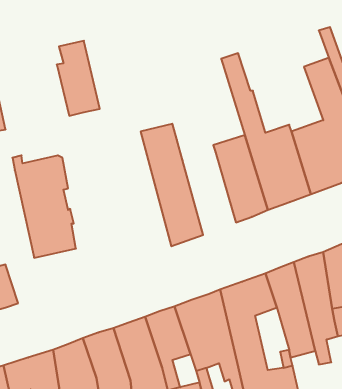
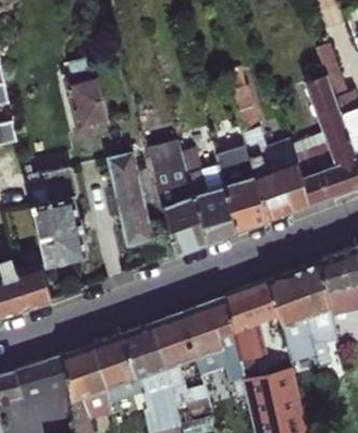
building: none -> [183,148,239,244]
building: none -> [109,153,153,247]
building: none -> [18,264,53,309]

